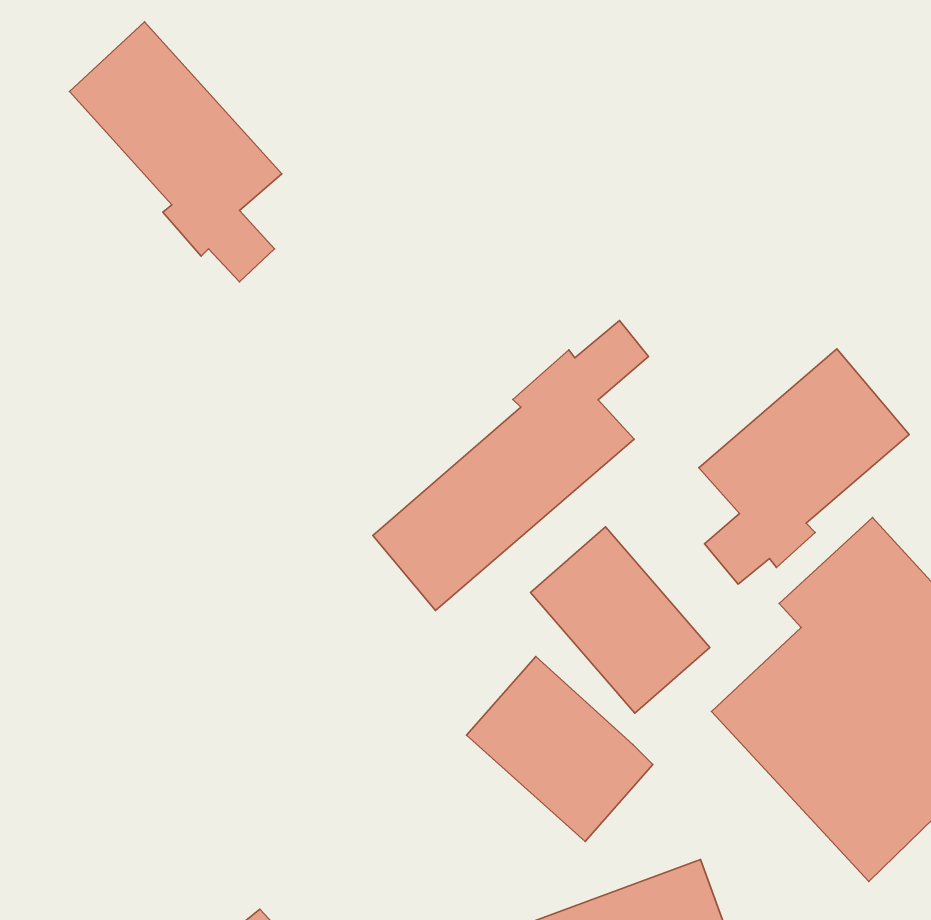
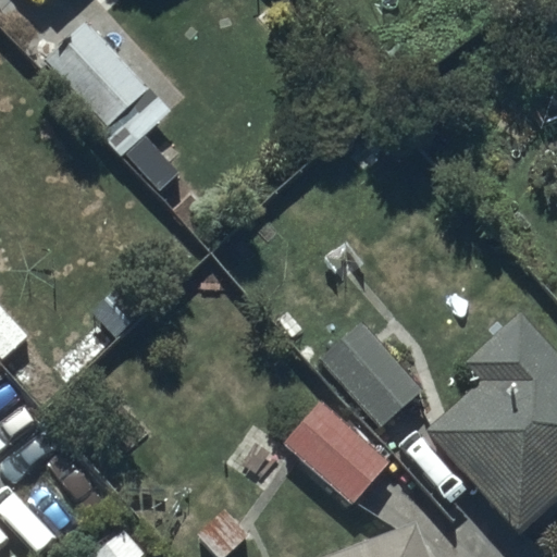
building: [373,321,648,611] -> none
building: [699,349,909,584] -> none

